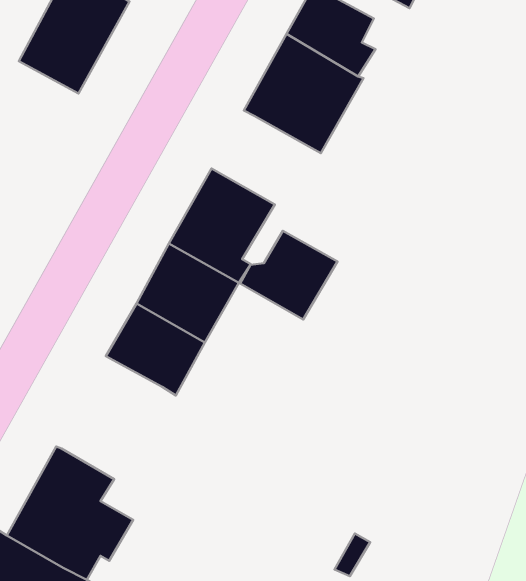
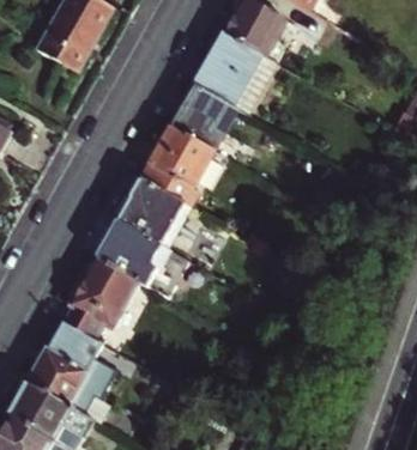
building: [240,231,337,319] -> [170,87,238,150]
building: none -> [65,256,137,338]

